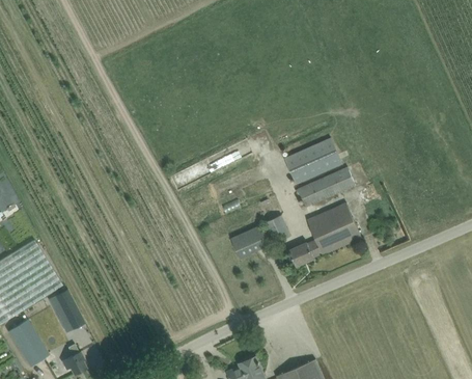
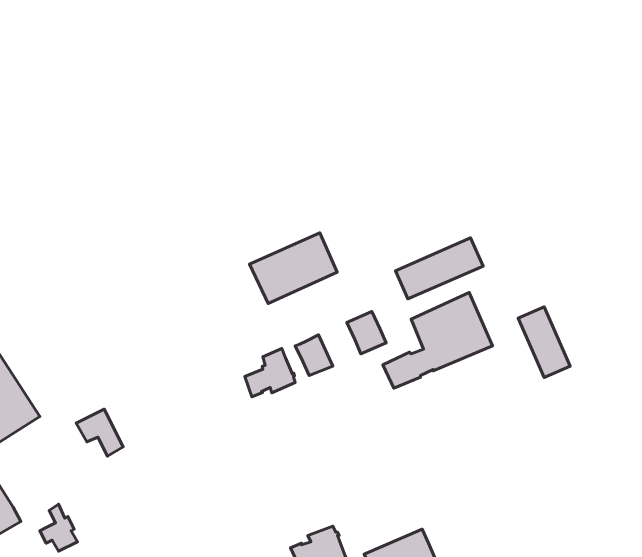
building: [283,137,341,184] -> [249,233,337,303]
building: none -> [518,307,570,377]
building: none -> [245,349,295,397]
building: [48,290,79,321] -> [76,409,123,456]

